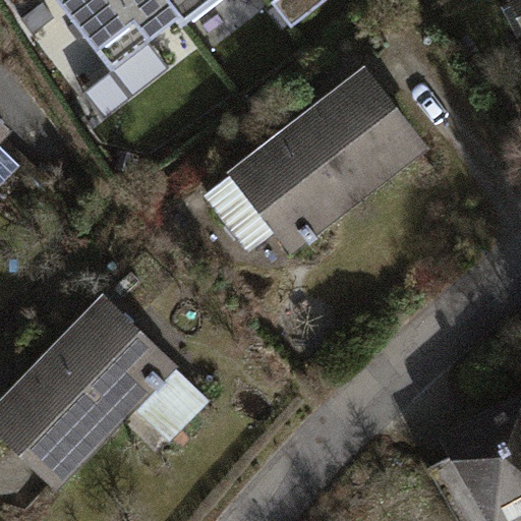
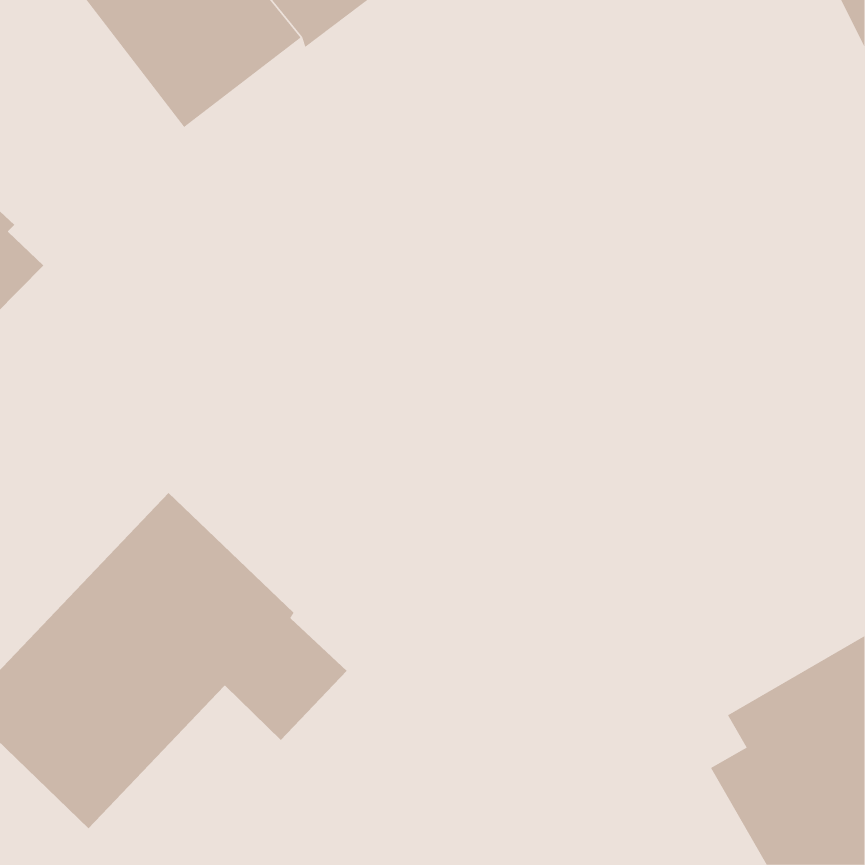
building: [224,67,428,256] -> none

